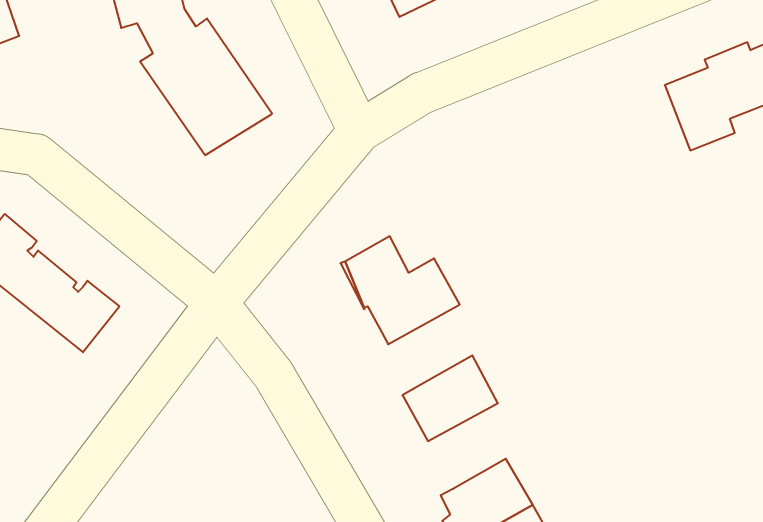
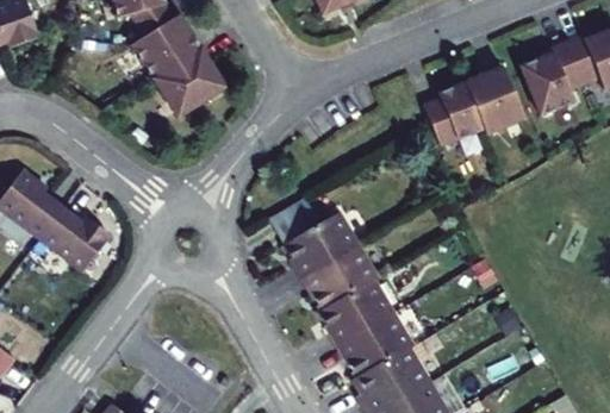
building: none -> [424,68,523,145]
building: none -> [313,232,385,295]
building: none -> [343,306,413,370]

